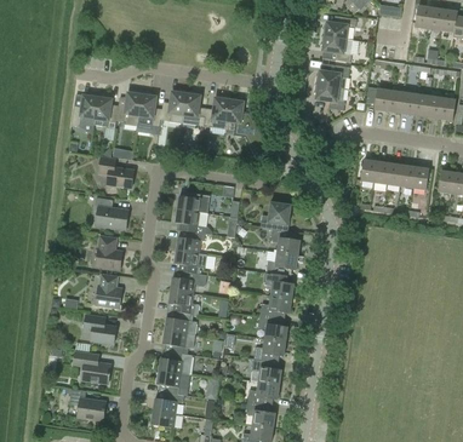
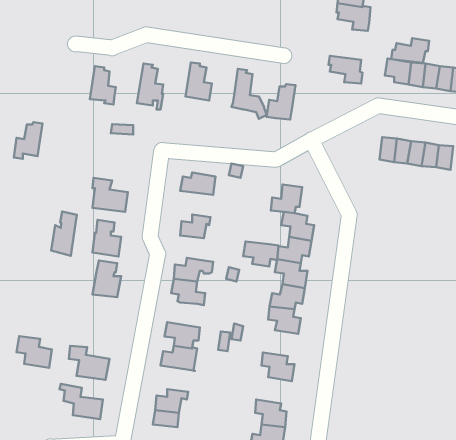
building: [315,65,350,88] -> [391,38,429,63]
building: [160,90,187,122] -> none
building: [116,91,143,130] -> none
building: [72,93,98,127] -> [14,122,43,159]
building: [204,96,230,128] -> [267,84,295,119]
building: [99,157,135,188] -> none
building: [176,209,207,234] -> none
building: none -> [51,212,77,256]
building: [175,251,207,274] -> [243,242,278,267]
building: [165,312,198,335] -> none
building: [84,315,116,344] -> [16,336,52,368]
building: [253,338,286,362] -> none
building: [158,371,190,395] -> none
building: [247,381,280,406] -> none

